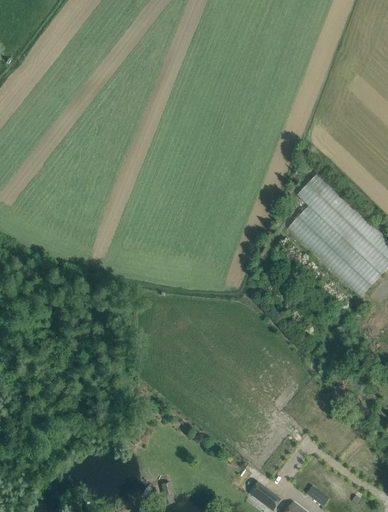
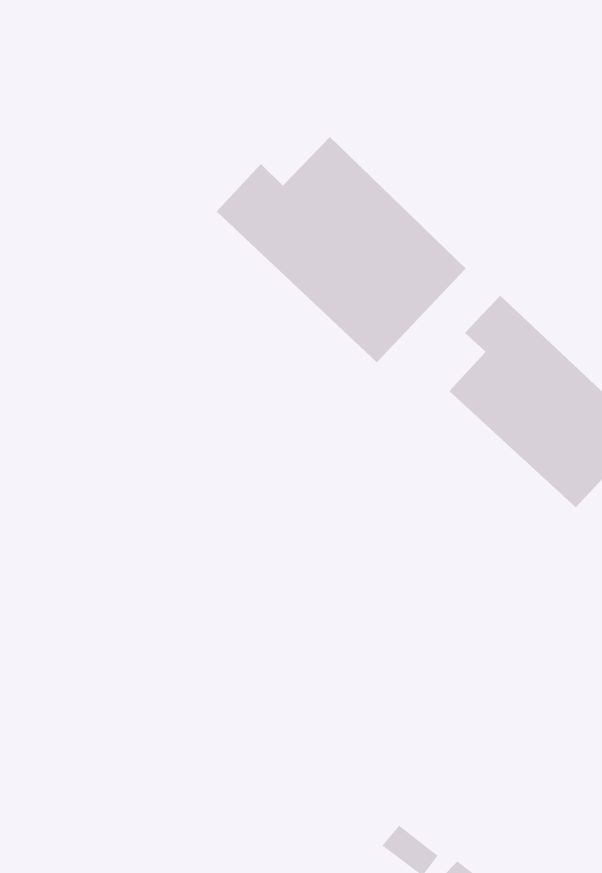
building: none -> [216,136,467,363]

